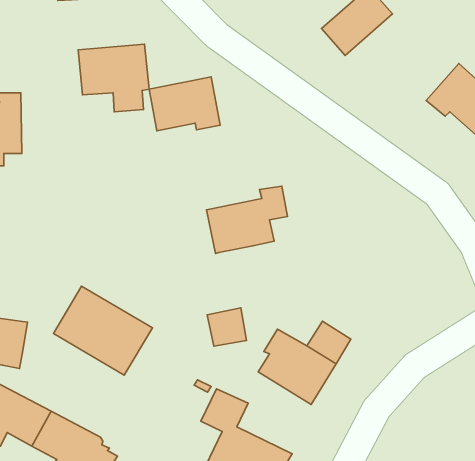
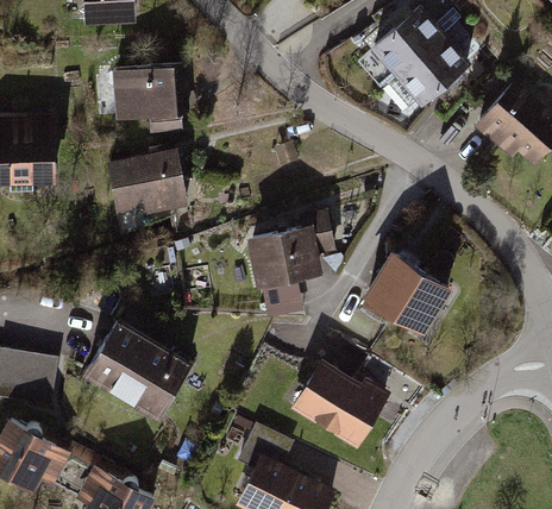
building: none -> [393,33,468,105]
building: [149,77,220,131] -> [108,151,183,208]
building: none -> [363,254,443,331]
building: [207,308,247,346] -> [259,278,301,319]

